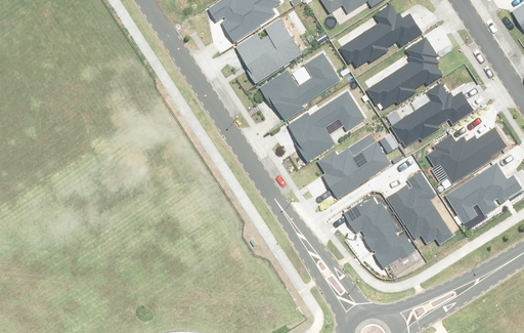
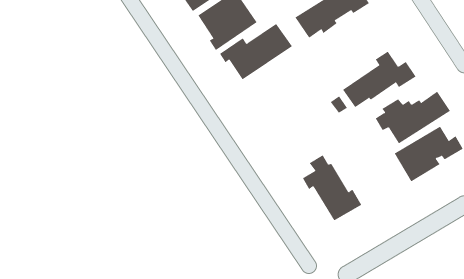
building: [368,36,443,111] -> none
building: [287,90,363,160] -> none
building: [318,141,390,198] -> none
building: [389,170,448,245] -> none

